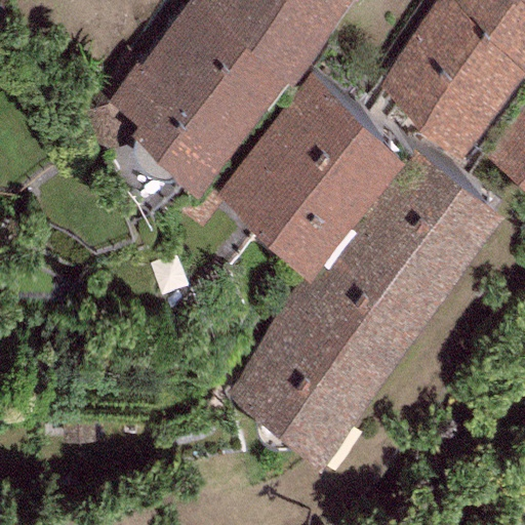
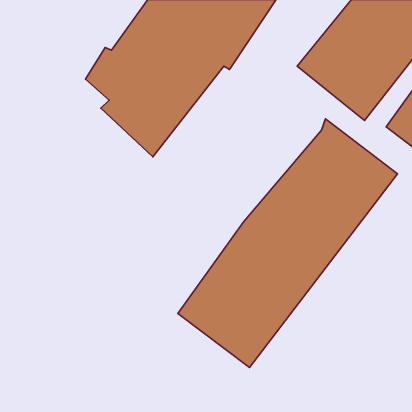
building: [210,80,409,281] -> none

